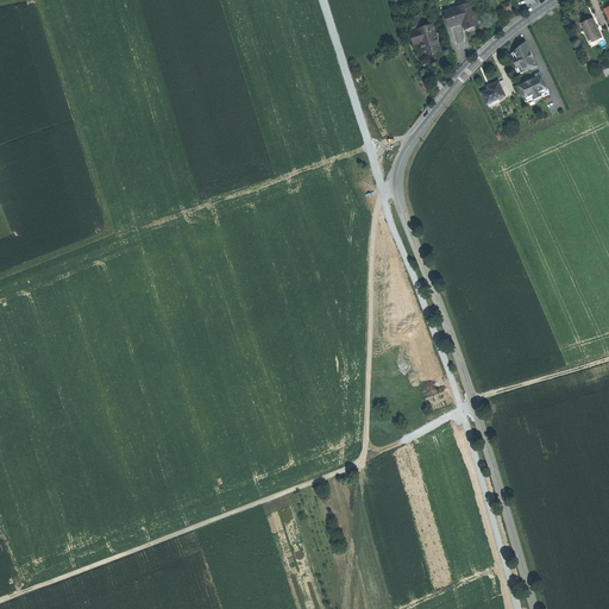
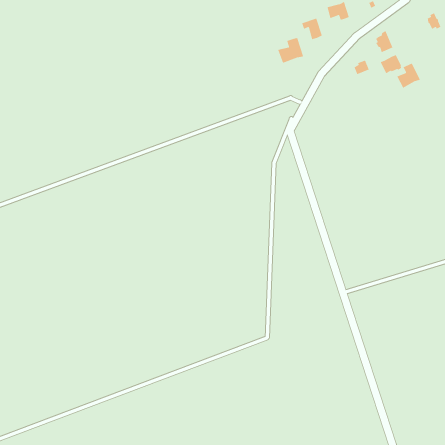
building: none -> [277,37,304,64]
building: none -> [396,63,421,89]

